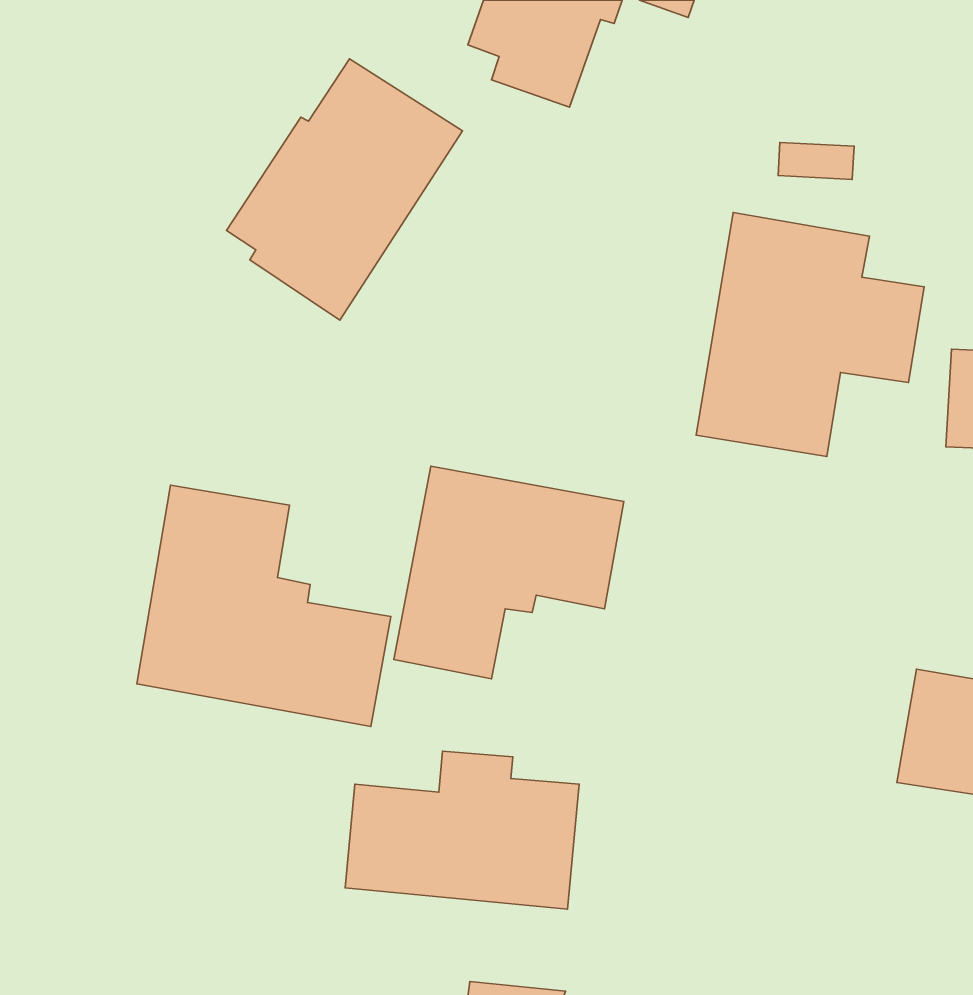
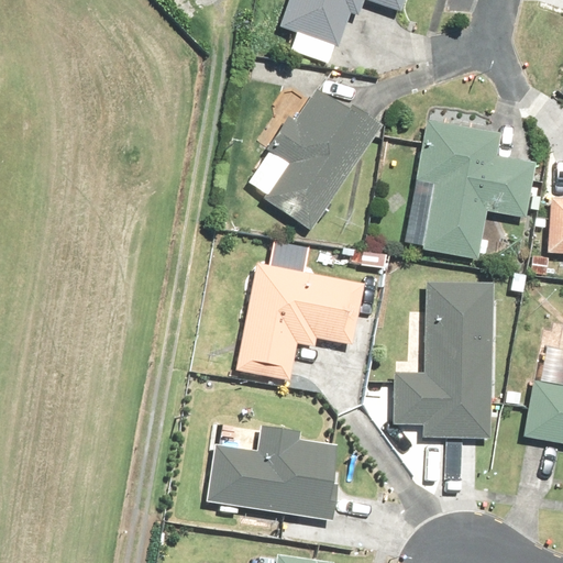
building: [227,59,463,320] -> [249,84,382,231]
building: [137,485,391,726] -> none
building: none -> [395,283,493,439]

